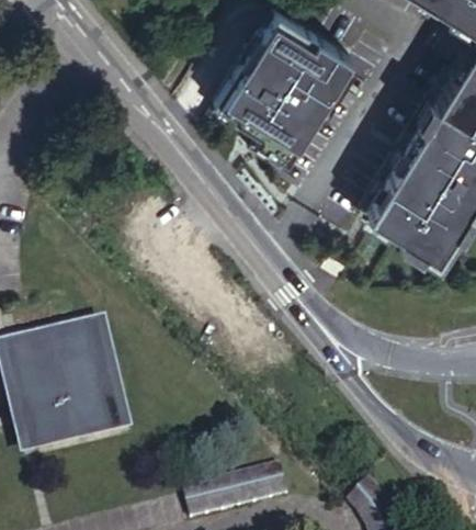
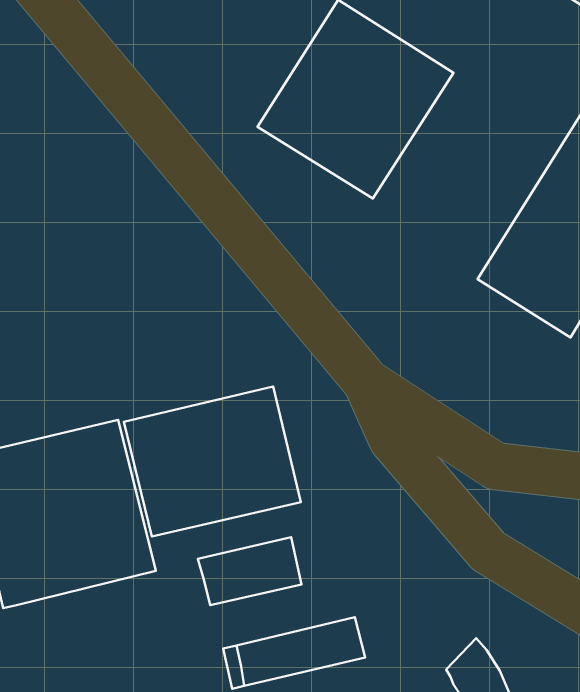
building: none -> [124,386,301,536]
building: none -> [198,537,302,605]

